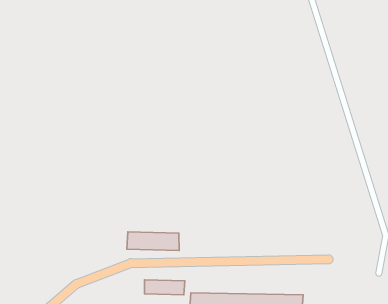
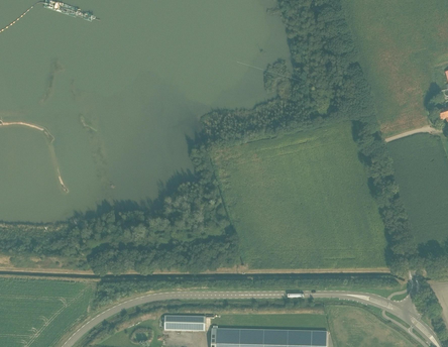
building: [127,232,179,251] -> none

